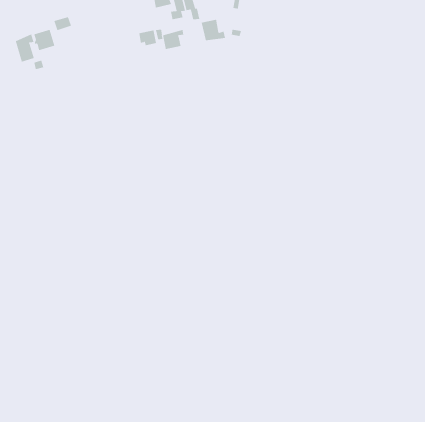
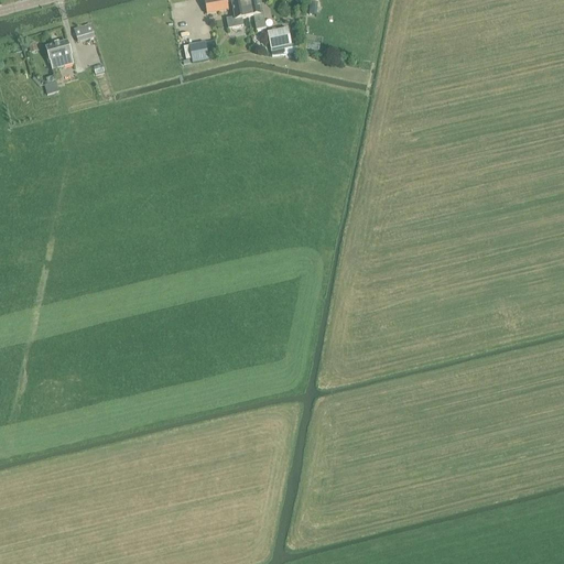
building: [163,29,184,50] -> none
building: [15,34,35,63] -> none

